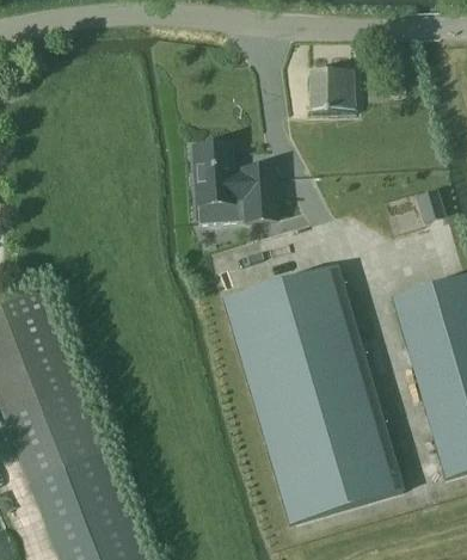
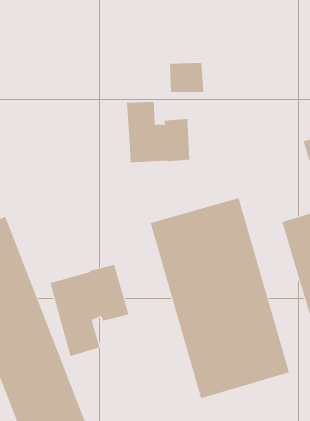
building: [309,69,354,107] -> [169,63,204,93]
building: none -> [50,264,129,357]

